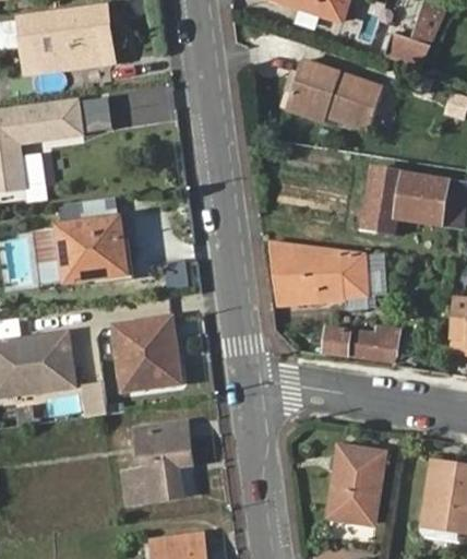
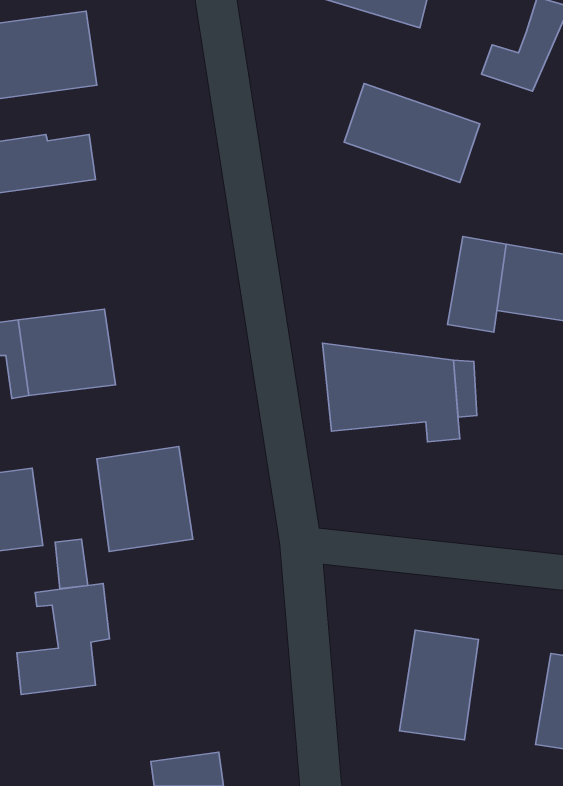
building: [323,326,397,362] -> none
building: [124,423,190,501] -> [17,583,109,695]

